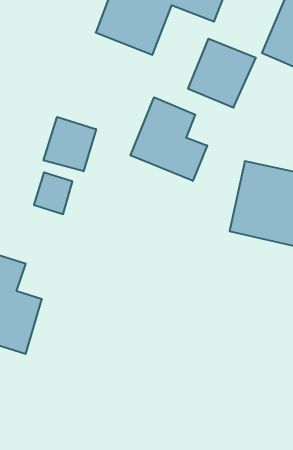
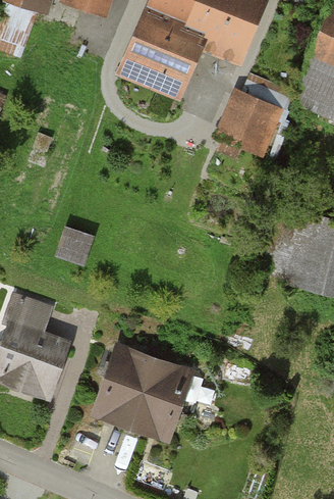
building: [131,97,207,181] -> none
building: [44,117,96,171] -> none
building: none -> [90,343,190,439]

